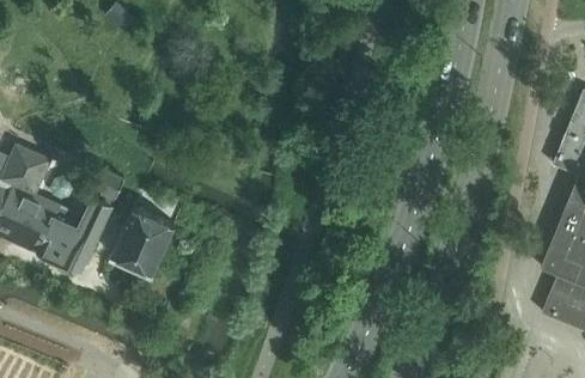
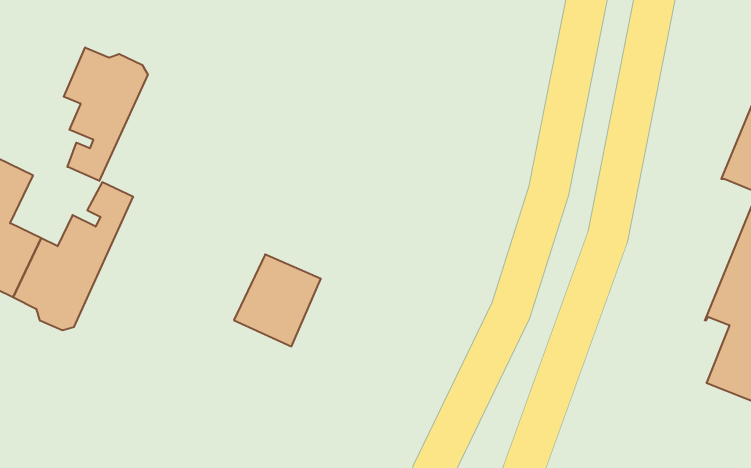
building: none -> [64,47,148,181]
building: [111,206,175,273] -> [234,254,321,346]

